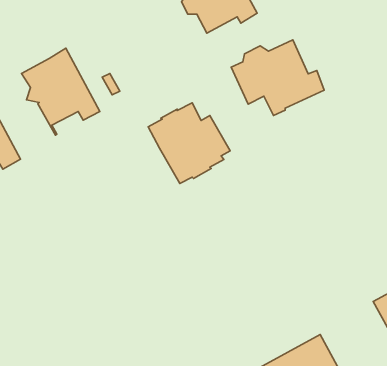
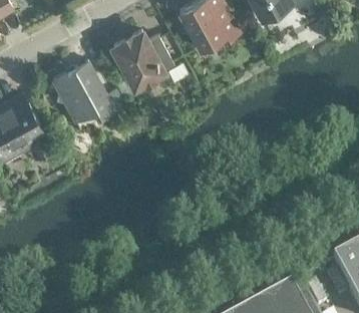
building: [231,40,324,115] -> none
building: [148,103,230,184] -> [110,24,175,88]

